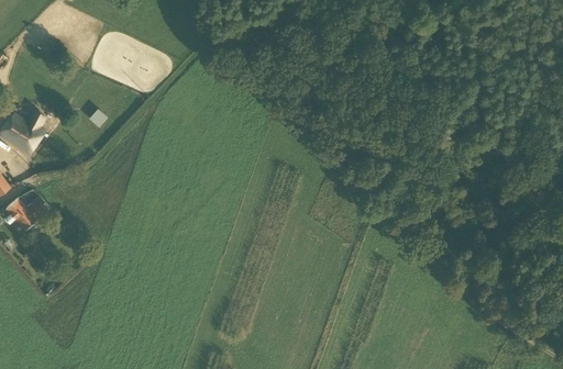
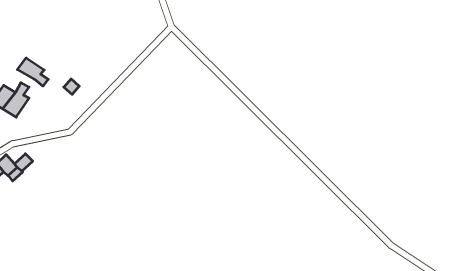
building: none -> [17,58,48,86]

